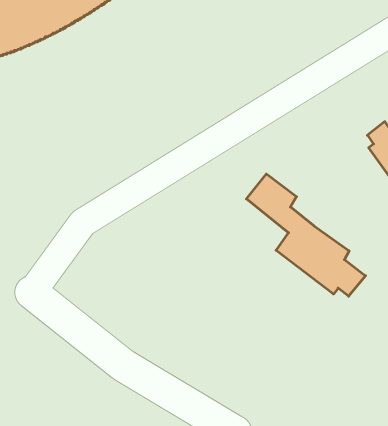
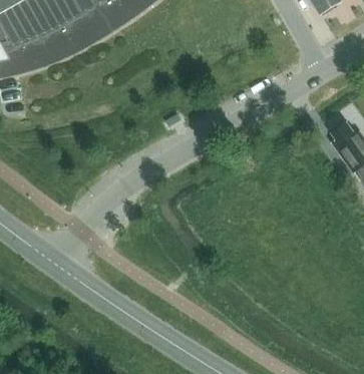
building: [246,174,366,296] -> none

